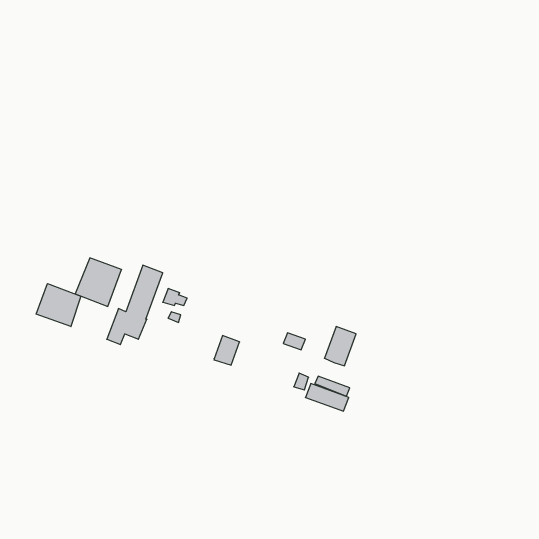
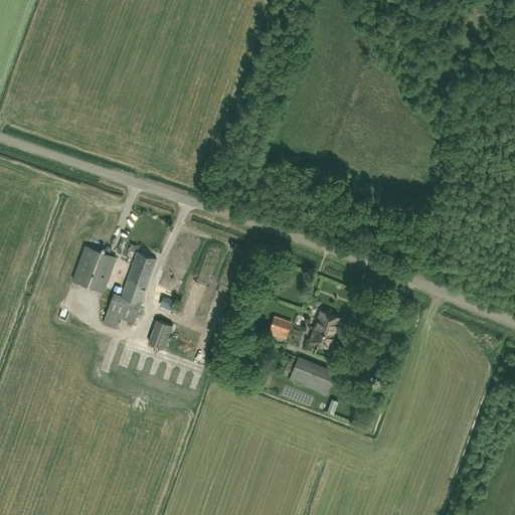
building: [36,284,81,327] -> none
building: [214,336,240,365] -> [147,322,171,350]

